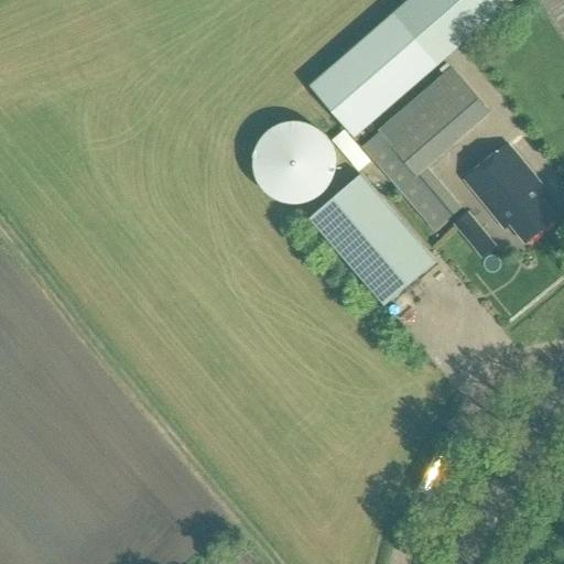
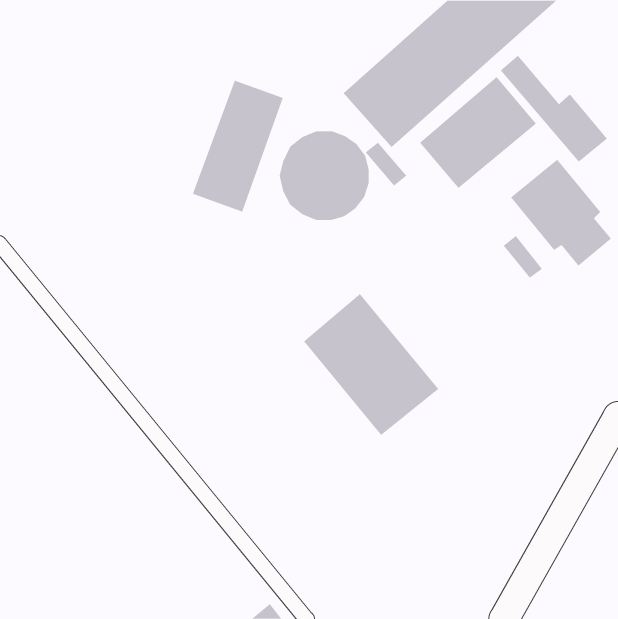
building: none -> [192,80,284,212]
building: [362,132,460,230] -> [500,55,608,163]
building: [311,176,434,306] -> [303,293,439,436]

